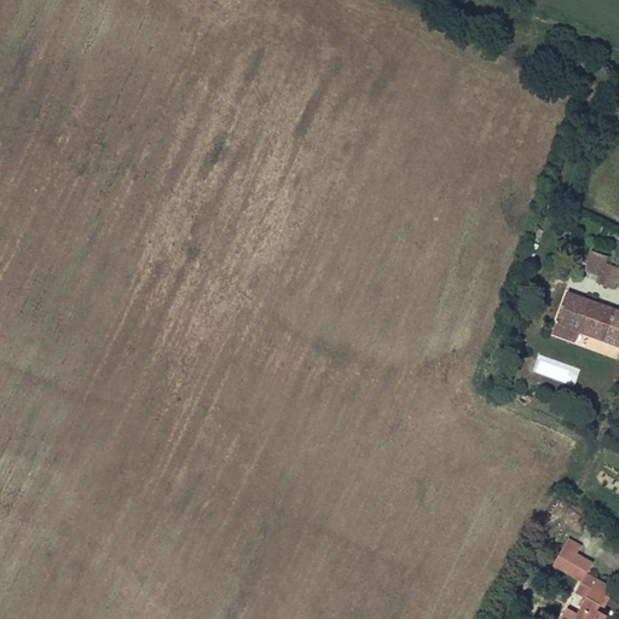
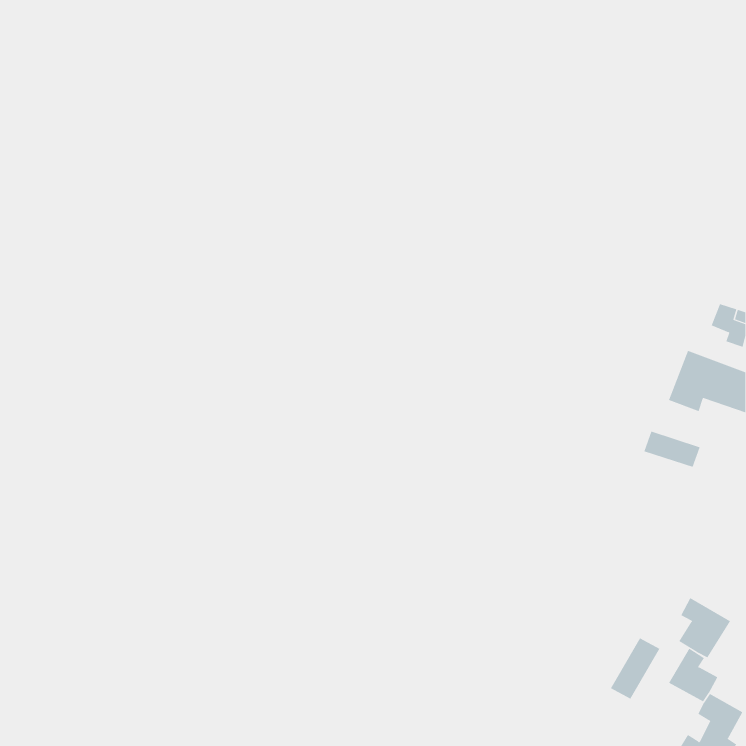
building: none -> [678,597,731,658]
building: none -> [610,638,660,699]

